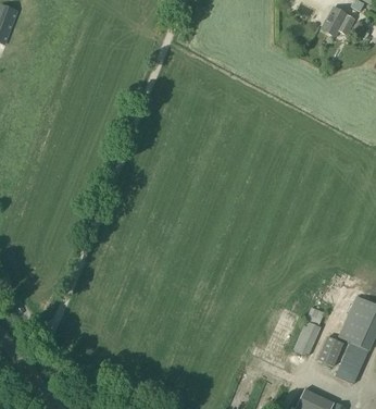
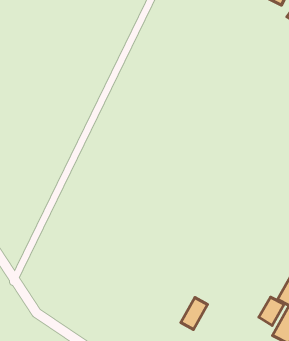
building: [294,318,322,352] -> [181,297,207,329]

